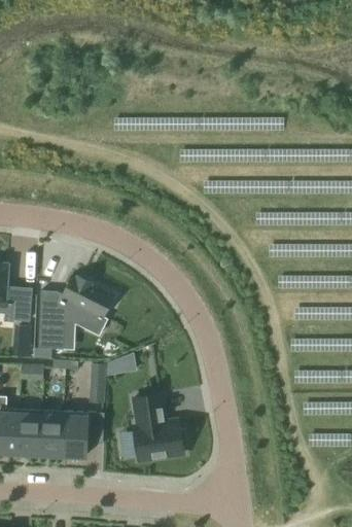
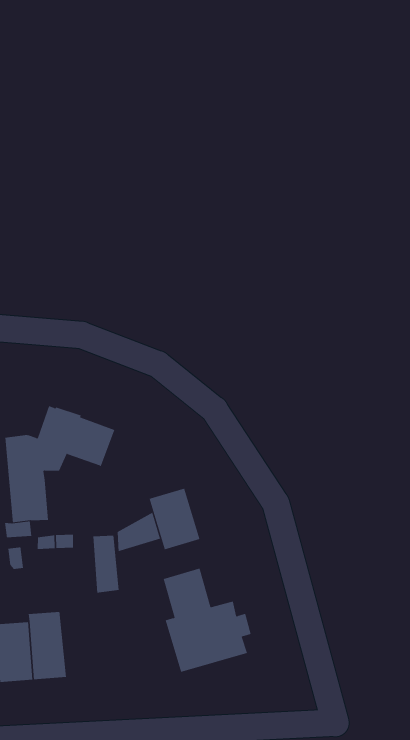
building: none -> [149,488,200,550]
building: [62,412,87,457] -> none

